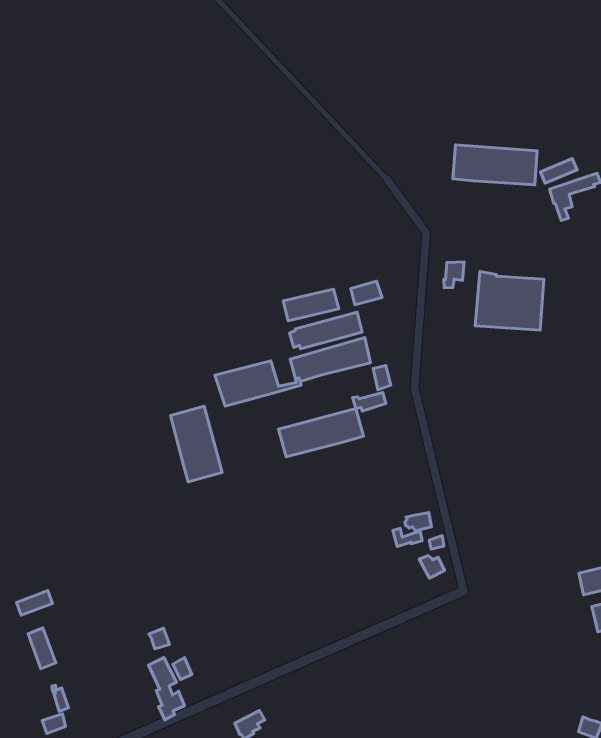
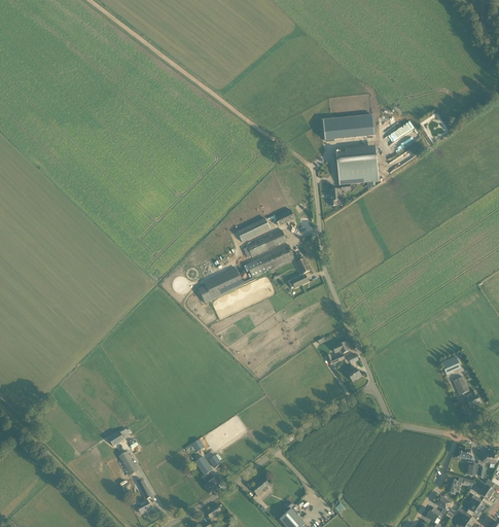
building: [475,271,544,330] -> [336,150,379,185]
building: [170,406,222,482] -> none
building: [278,408,363,457] -> none

